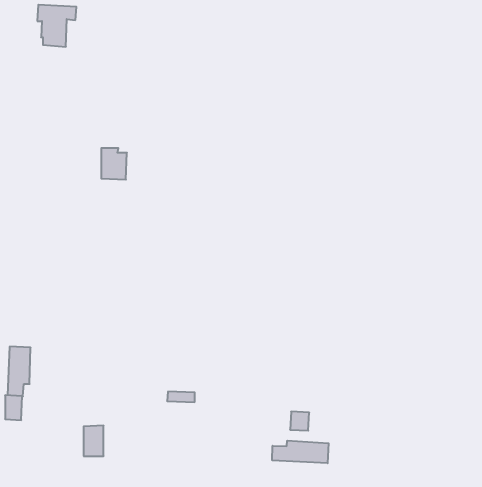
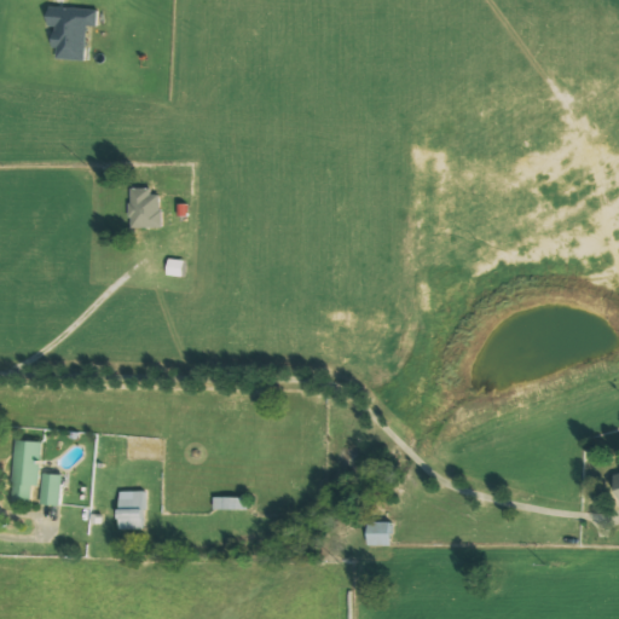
building: [5,395,22,420] -> [39,473,60,504]
building: [84,426,104,456] -> [120,490,145,528]
building: [272,441,329,463] -> none

